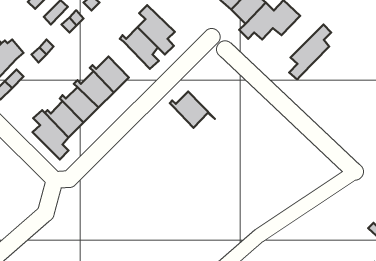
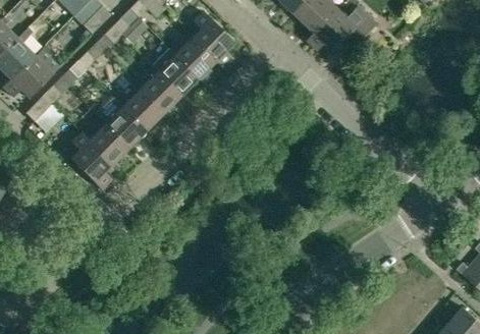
building: [289,25,331,79] -> none
building: [170,92,215,128] -> [153,53,205,95]

